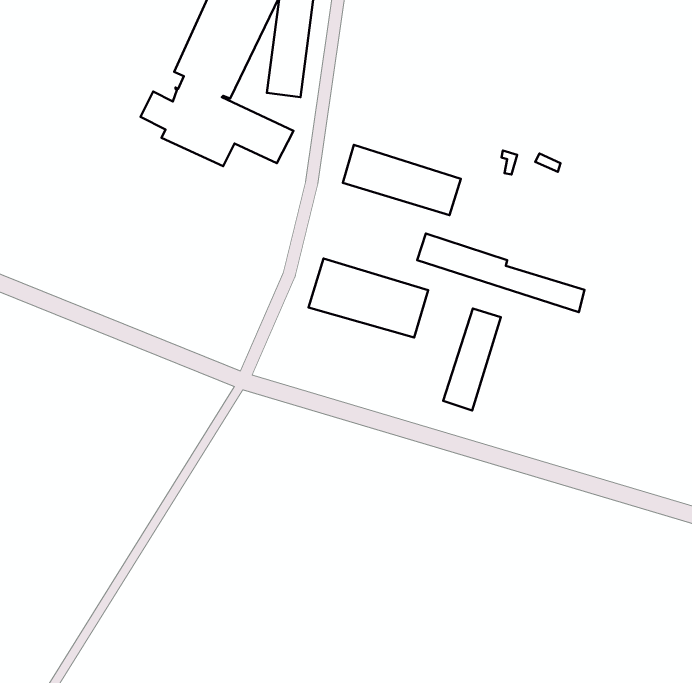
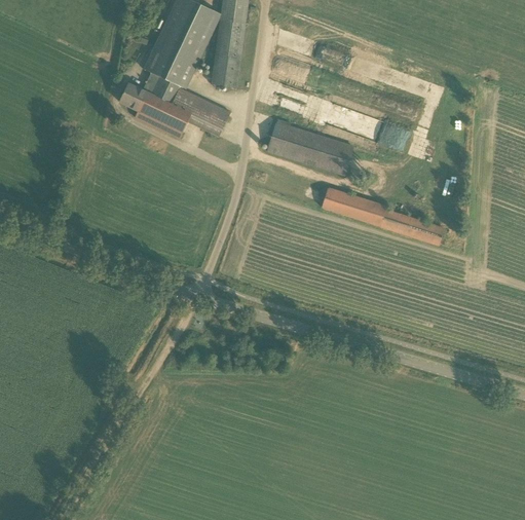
building: [309,259,428,338] -> none
building: [443,308,501,410] -> none

